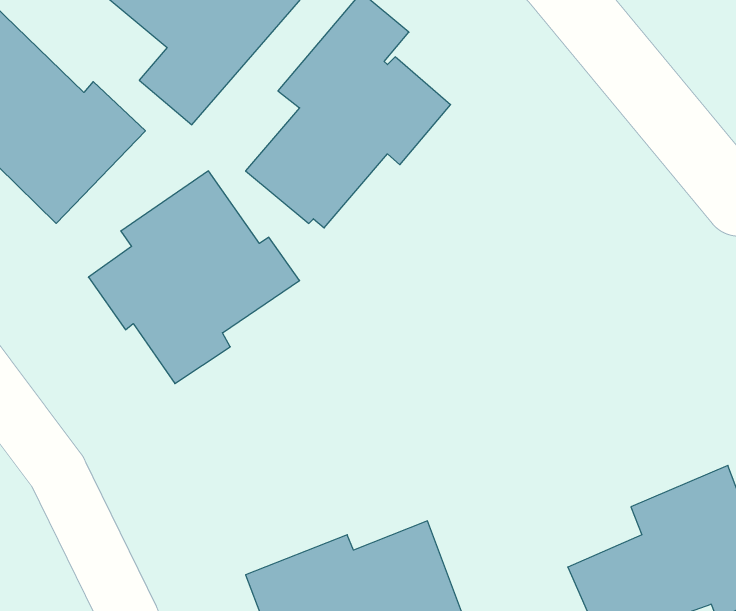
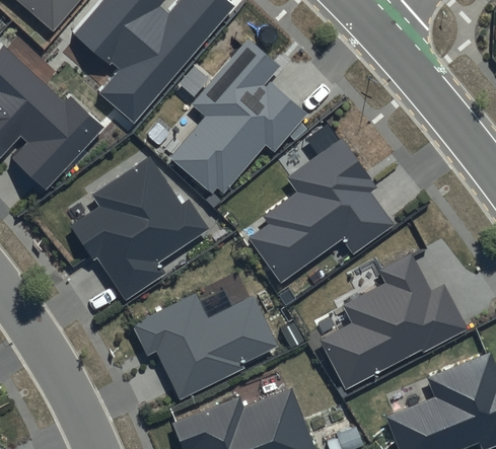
building: none -> [249,136,393,282]
building: none -> [322,251,468,386]
building: none -> [130,292,277,399]

